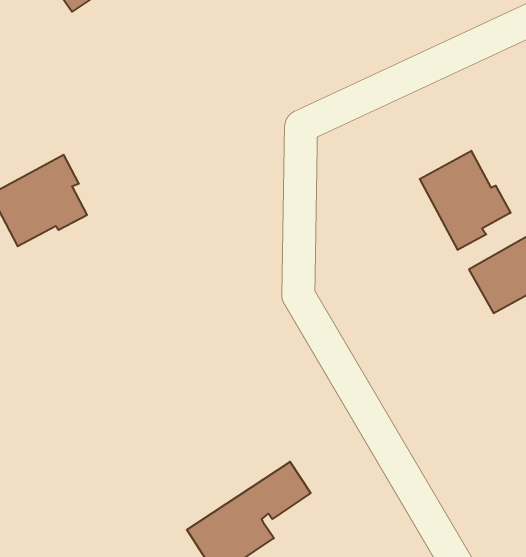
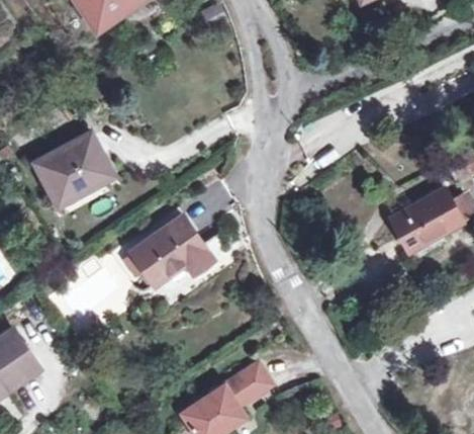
building: [420,151,511,250] -> none
building: none -> [132,218,224,284]

